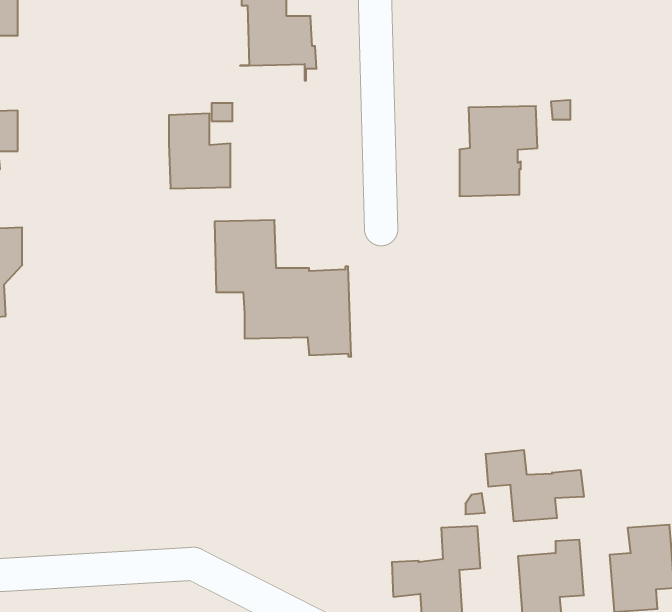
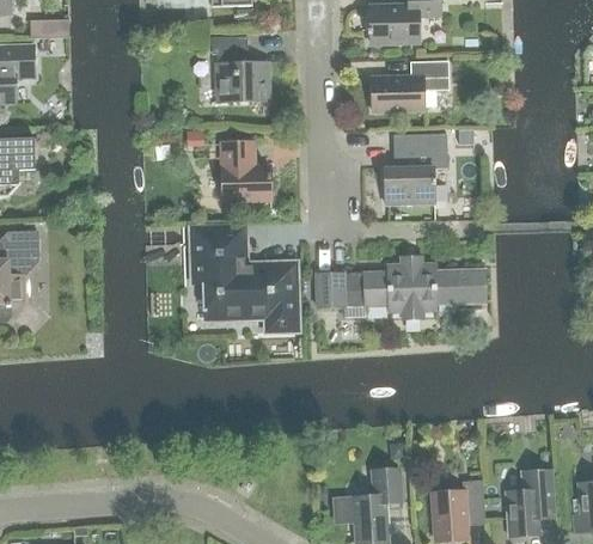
building: none -> [371,61,448,111]
building: [169,114,231,189] -> [221,141,270,201]
building: none -> [314,256,484,319]
building: [486,450,584,521] -> none

